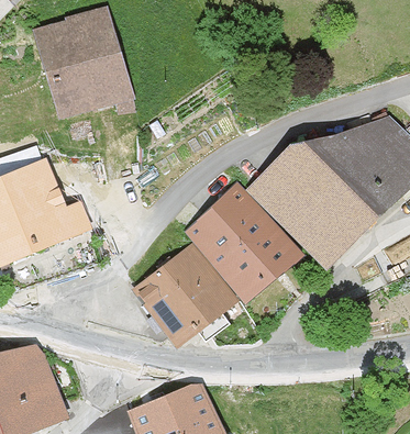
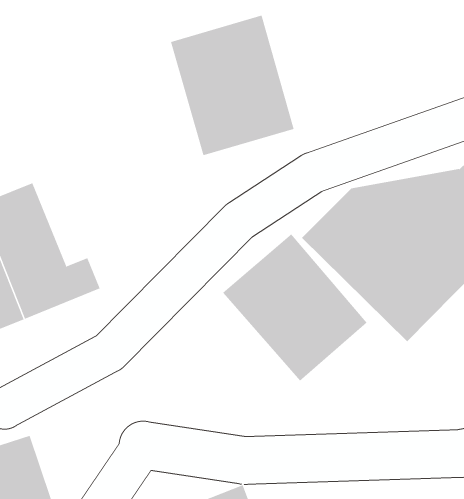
building: [37,8,134,118] -> [170,15,295,156]
building: [138,242,240,344] -> none

